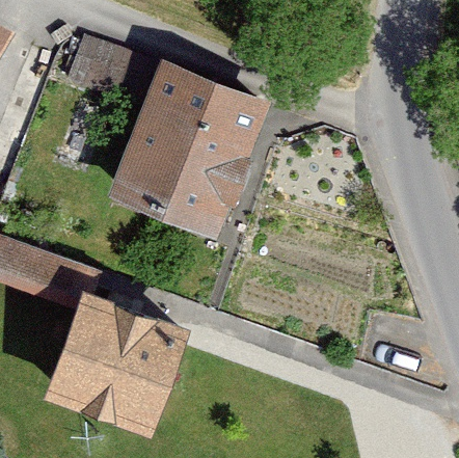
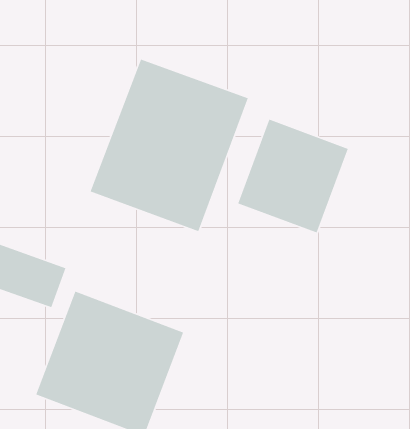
building: none -> [237,119,349,234]

